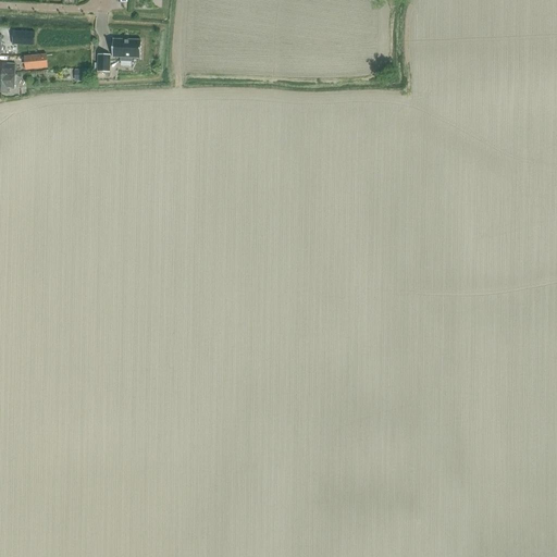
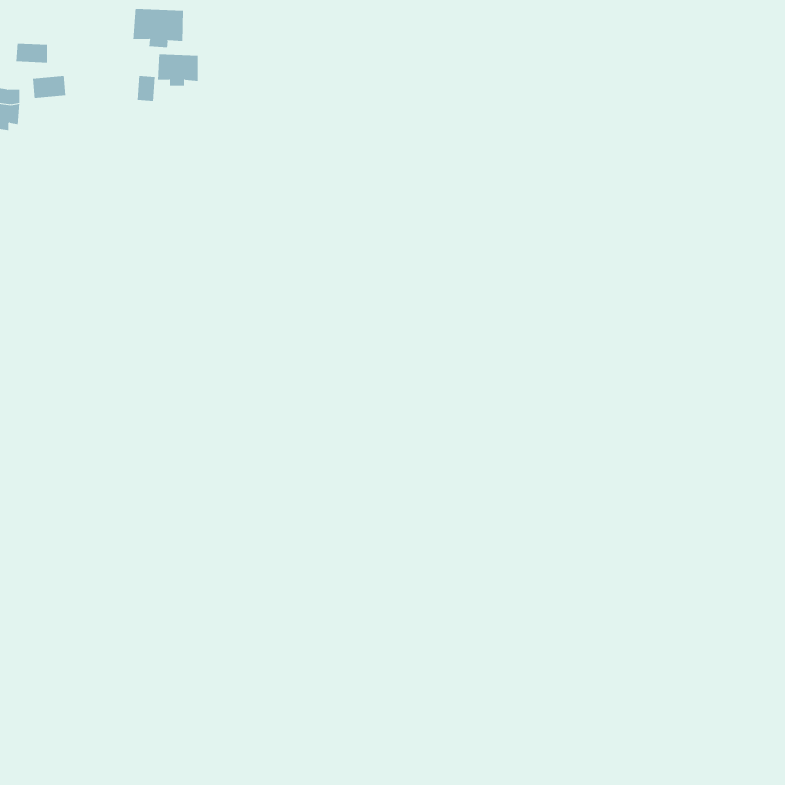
building: none -> [133,8,184,48]

